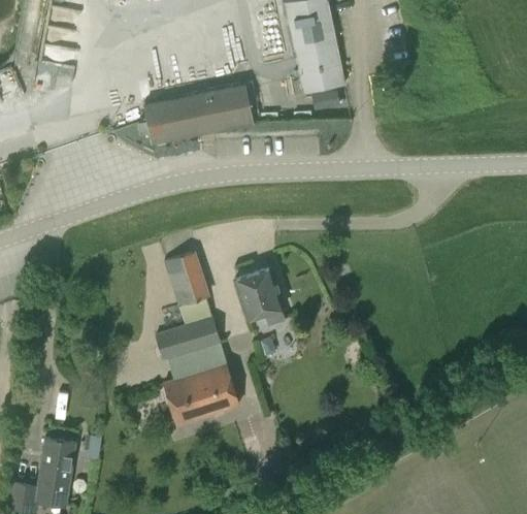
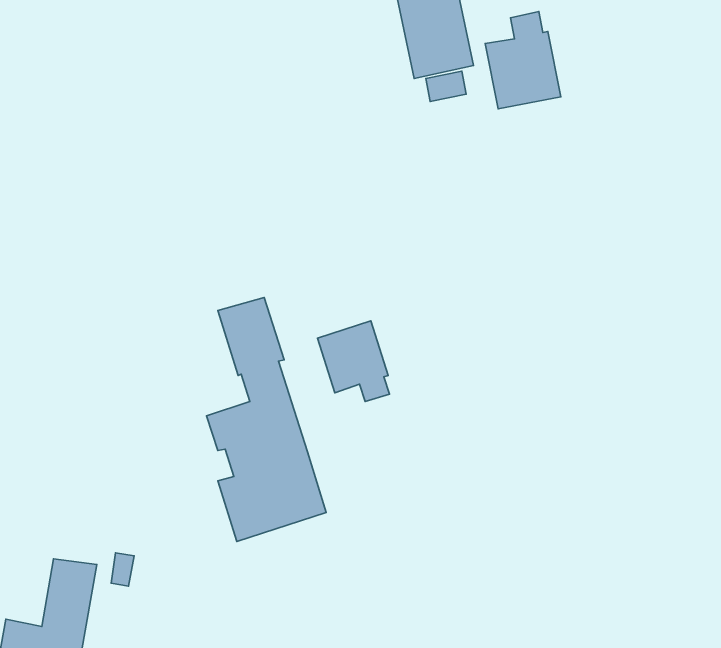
building: none -> [485,12,561,109]
building: [144,85,253,144] -> none

